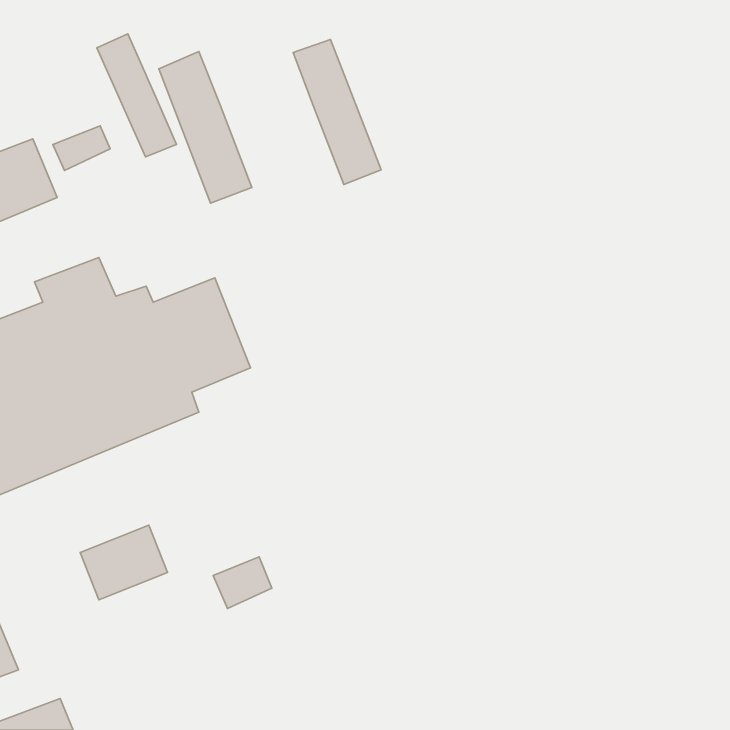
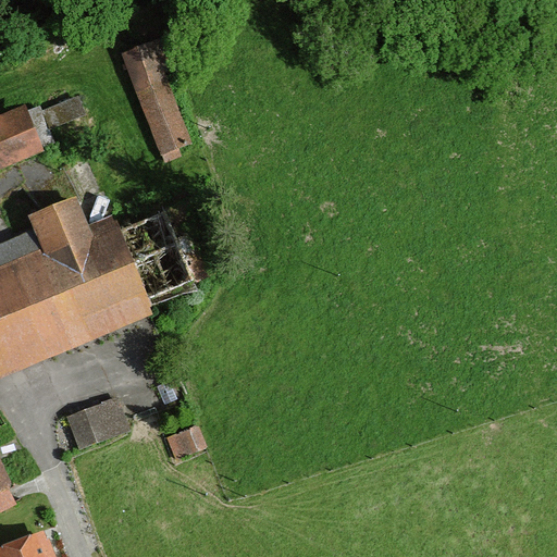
building: [97,34,177,157] -> none
building: [293,40,381,185] -> none

